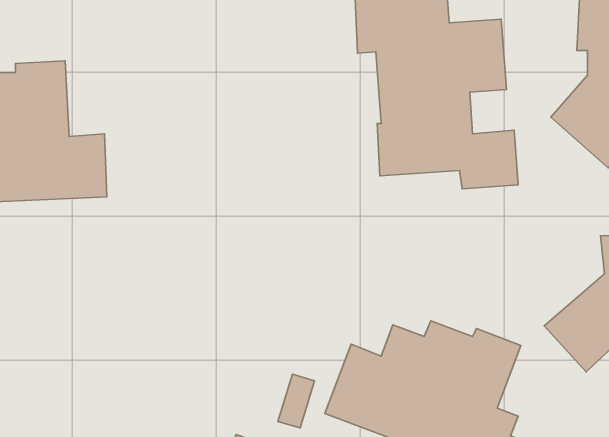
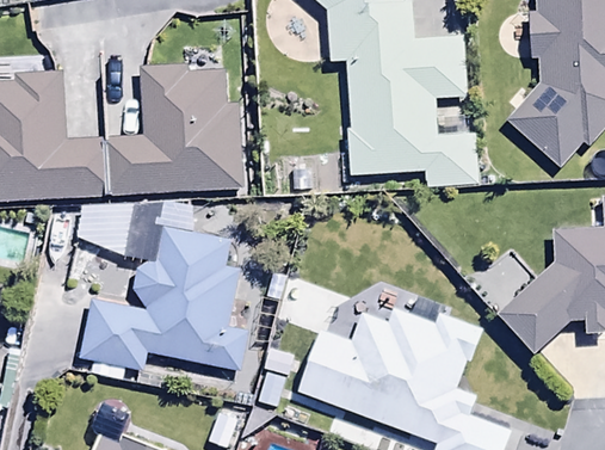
building: none -> [112,61,241,193]
building: none -> [81,202,248,378]

